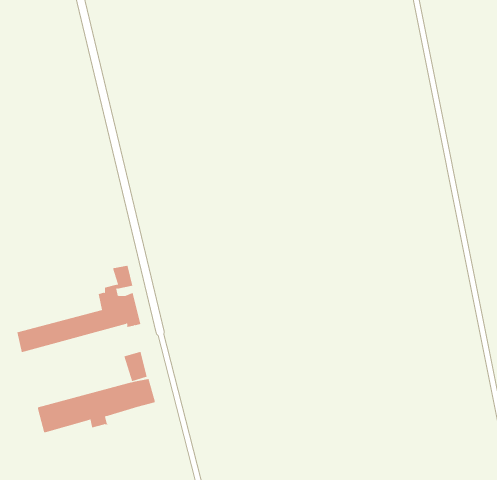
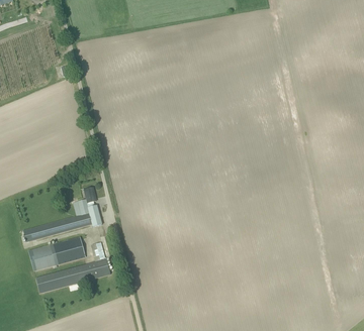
building: none -> [28,236,85,270]

